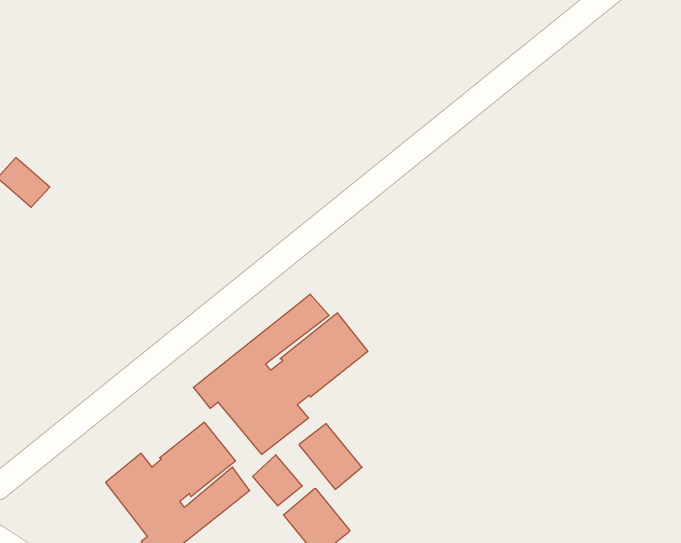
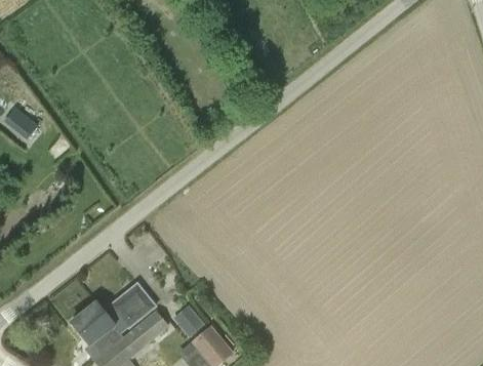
building: [193,294,368,454] -> none
building: [299,424,362,489] -> none

